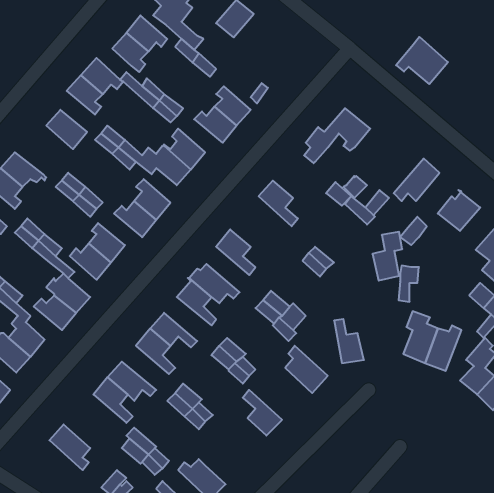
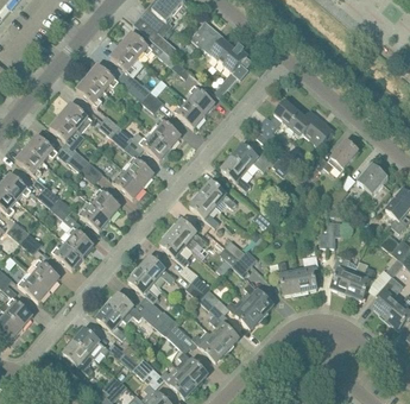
building: none -> [210,36,252,78]
building: [396,37,448,84] -> [294,109,333,145]
building: none -> [50,114,86,147]
building: none -> [232,143,272,170]
building: none -> [200,179,236,210]
building: [372,232,402,281] -> [296,254,318,291]
building: none -> [226,297,261,328]
building: none -> [74,327,109,358]
building: none -> [191,329,227,360]
building: none -> [176,349,207,385]

